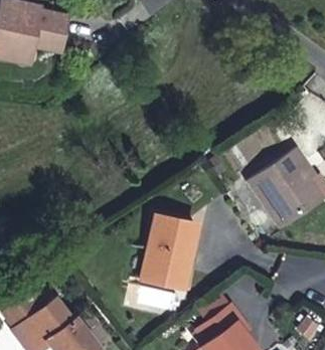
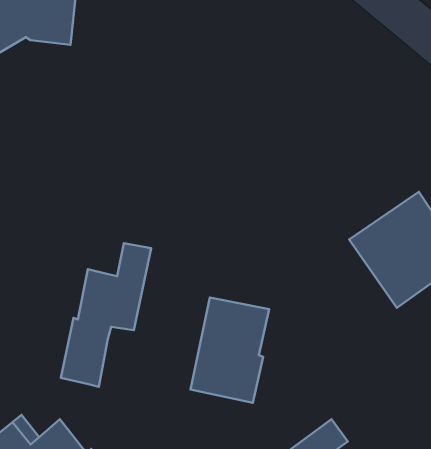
building: none -> [61,243,151,387]

